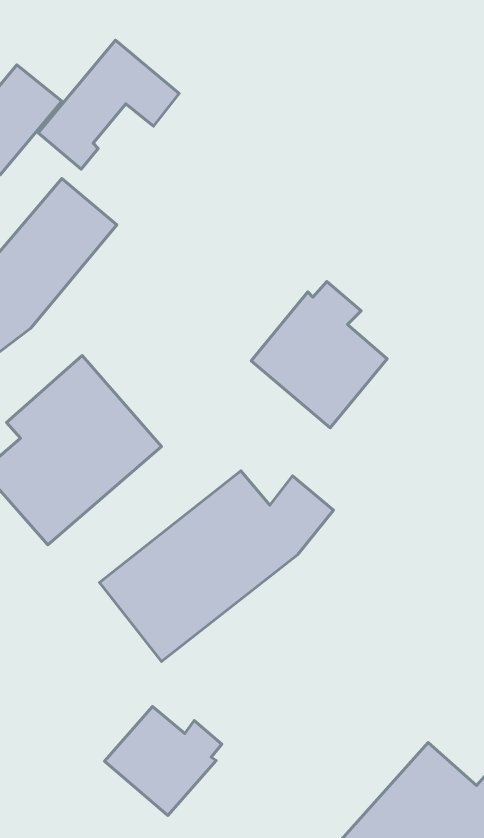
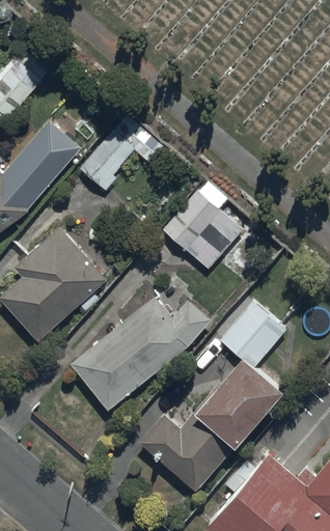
building: [38,40,179,169] -> [79,113,164,191]
building: none -> [138,303,285,493]
building: [104,706,222,815] -> none

